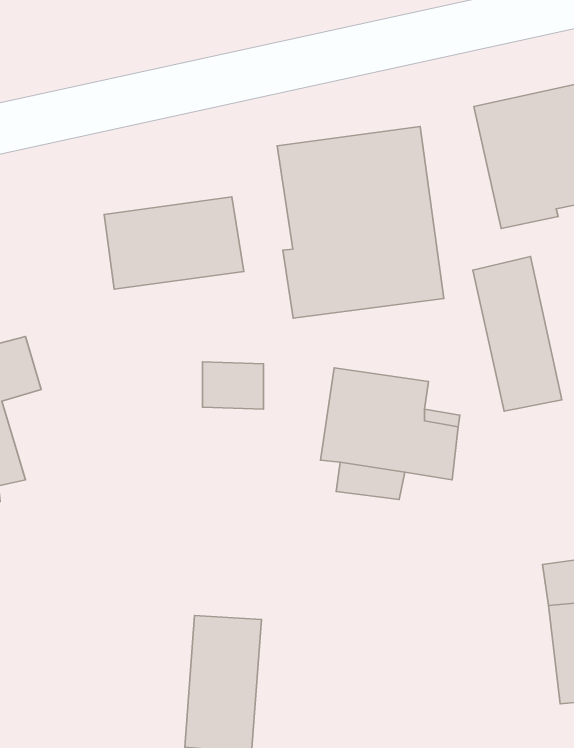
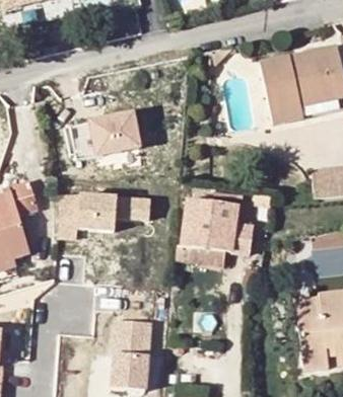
building: [277,126,444,318] -> none
building: [473,257,562,411] -> none
building: none -> [59,189,118,236]

